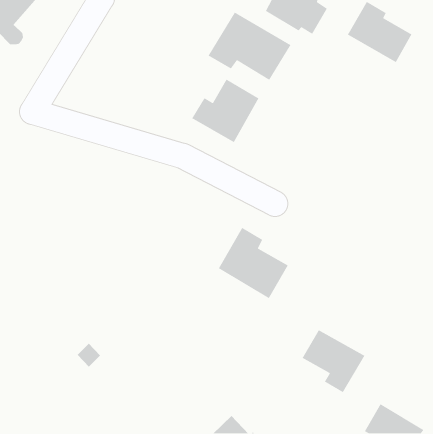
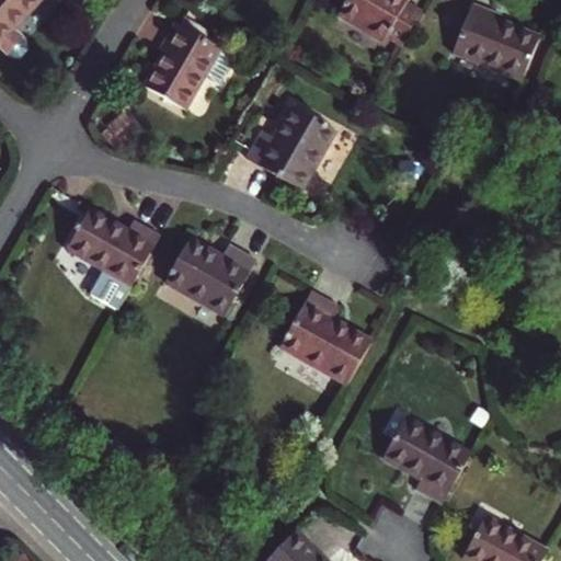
building: [208,12,292,81] -> none
building: none -> [148,21,234,106]
building: none -> [69,206,161,306]
building: none -> [167,239,256,314]

